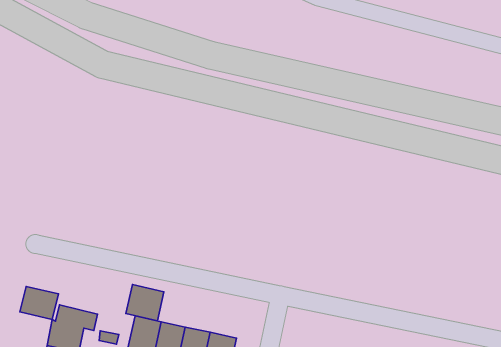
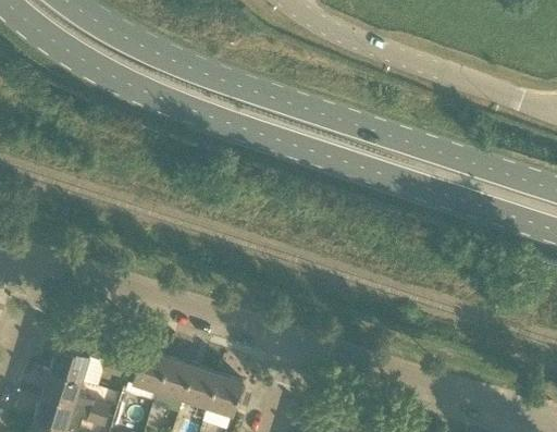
building: [126,285,164,321] -> none
building: [20,286,58,319] -> none

